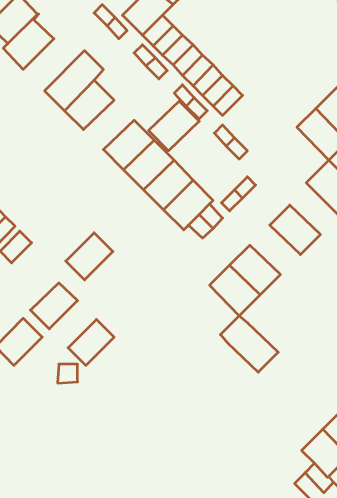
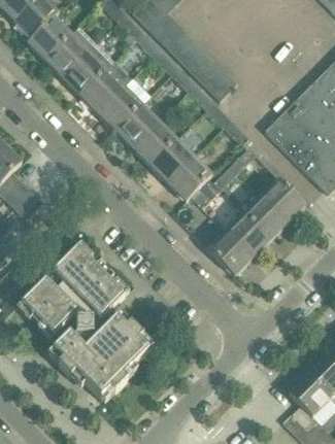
building: none -> [46,26,100,79]
building: [149,101,199,151] -> [99,88,143,131]
building: none -> [265,111,313,160]
building: [66,233,113,280] -> [69,263,110,304]
building: [220,316,278,372] -> [238,191,289,240]
building: none -> [38,295,79,335]
building: none -> [53,317,149,399]

